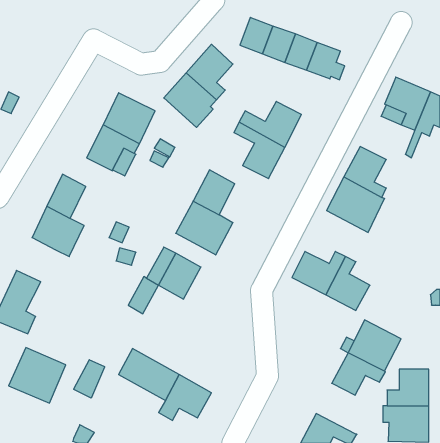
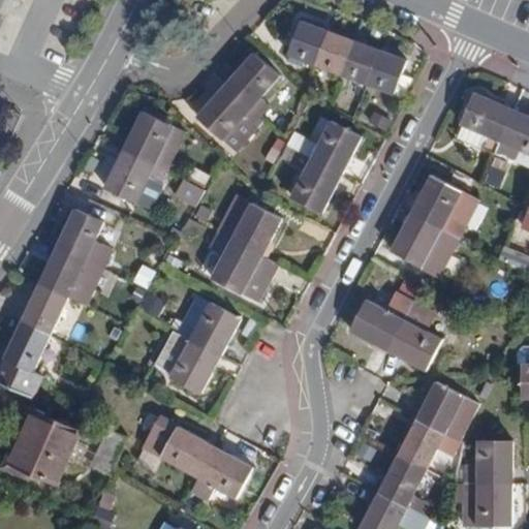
building: none -> [20,283,66,336]
building: none -> [168,340,219,394]
building: none -> [377,457,431,518]

